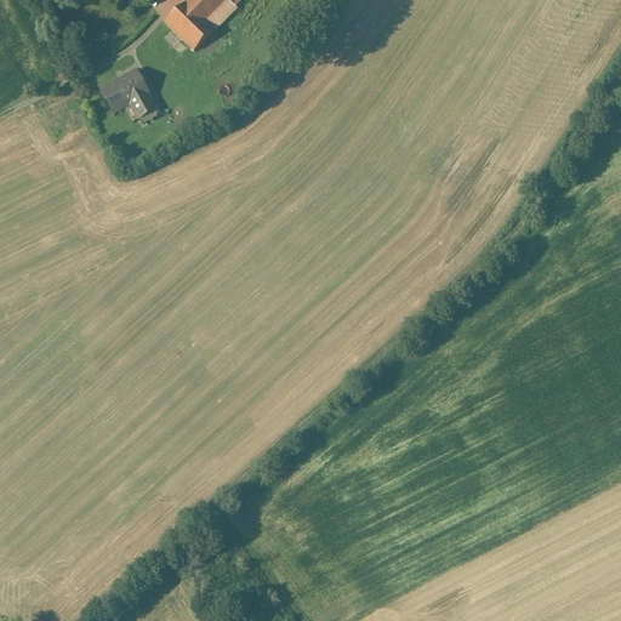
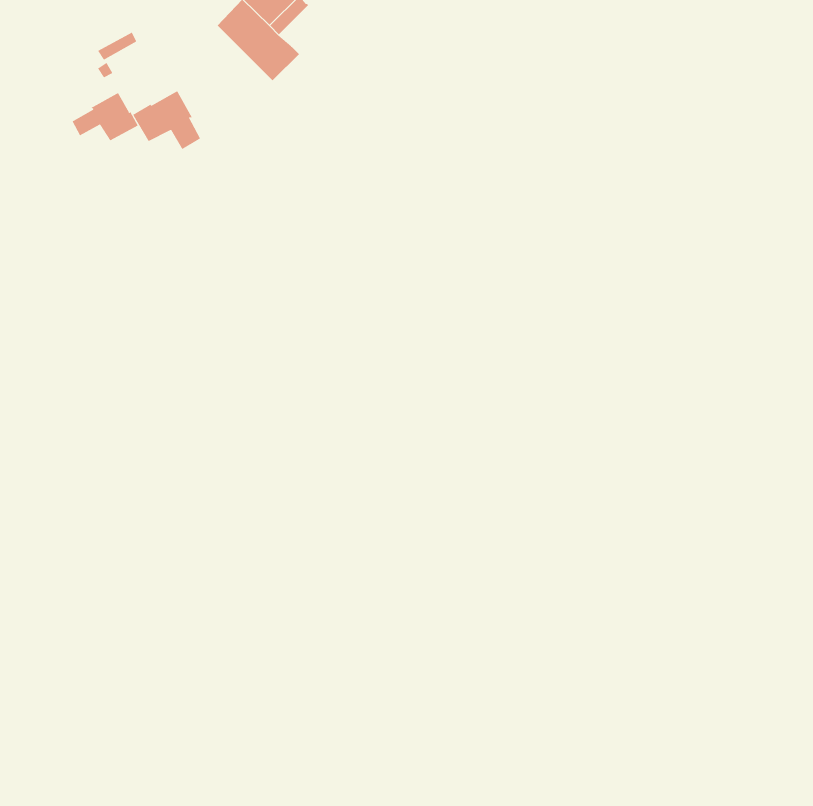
building: none -> [72,91,138,141]

